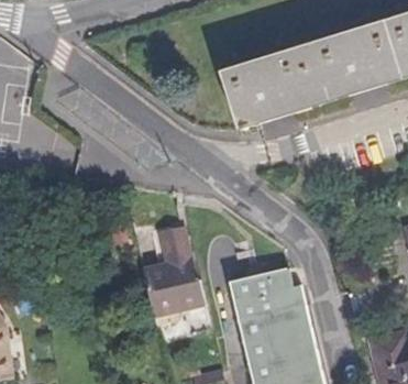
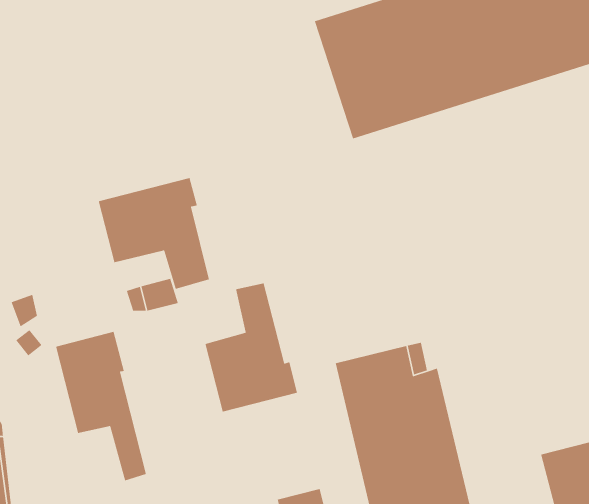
building: none -> [98,177,210,290]
building: none -> [55,331,147,481]

